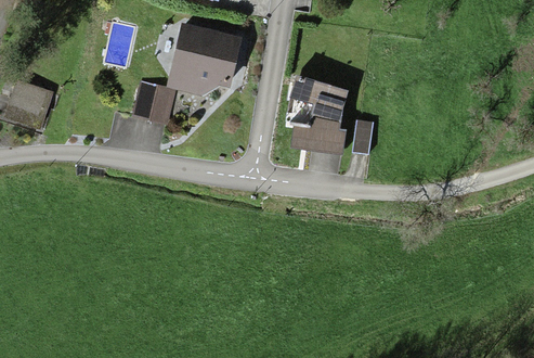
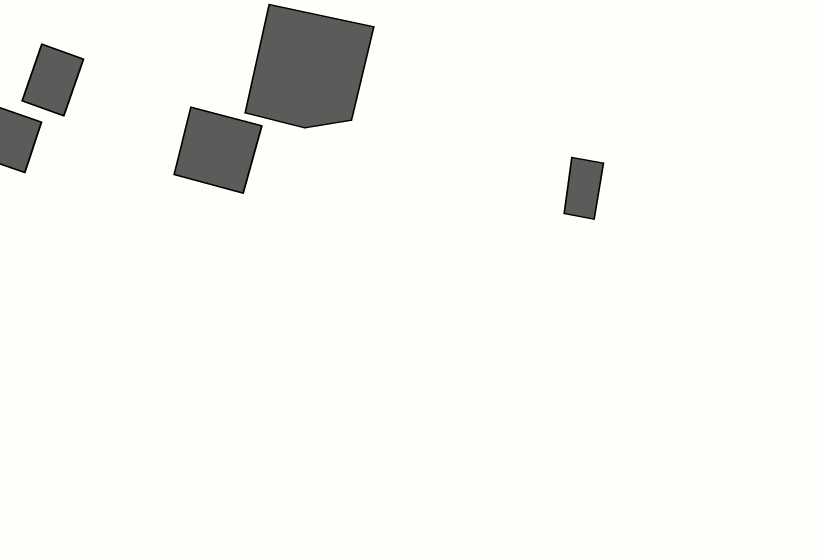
building: none -> [22,44,84,116]
building: [289,80,347,149] -> none

